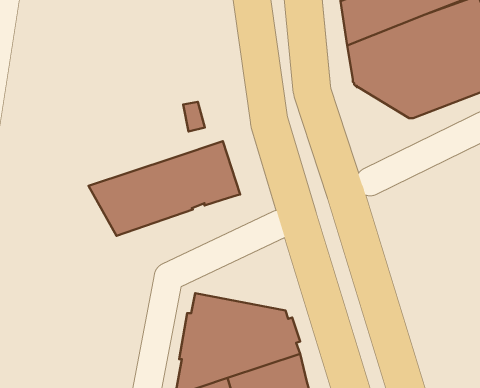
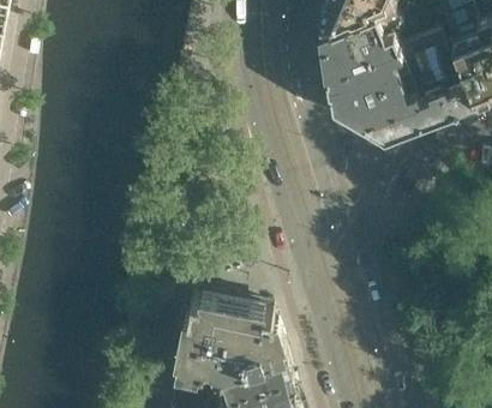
building: [88,141,240,236] -> none

